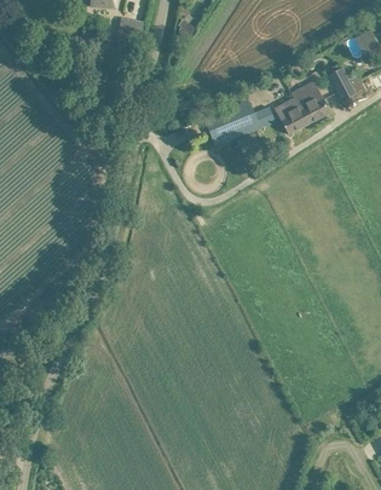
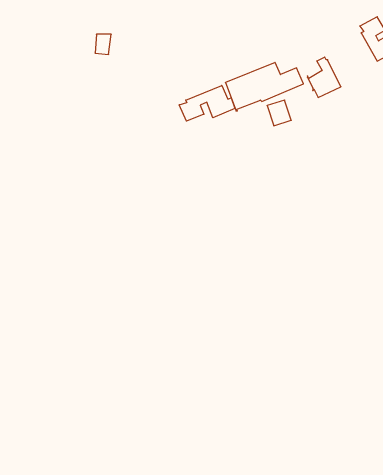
building: [296,88,329,123] -> none
building: none -> [179,85,235,121]

